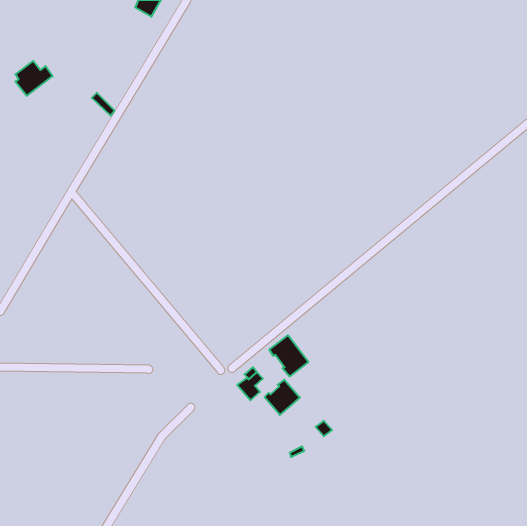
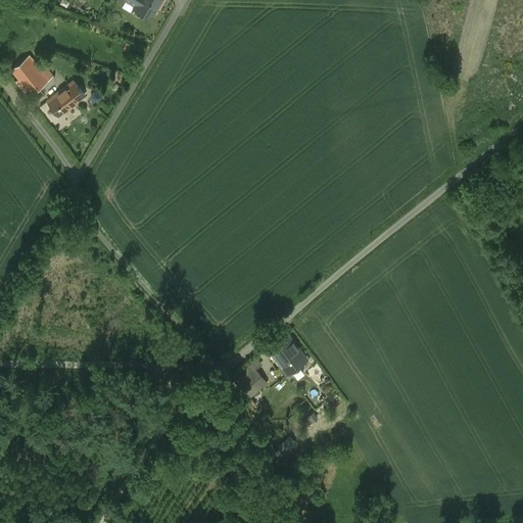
building: none -> [47,81,84,115]
building: [265,380,300,415] -> none

